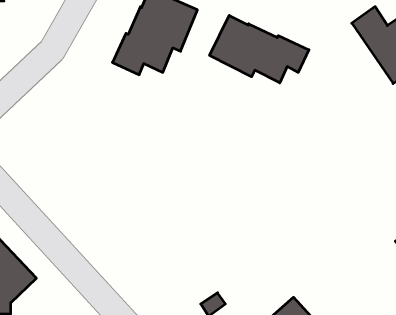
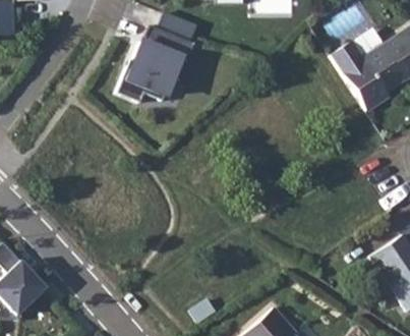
building: [210,15,309,83] -> none

